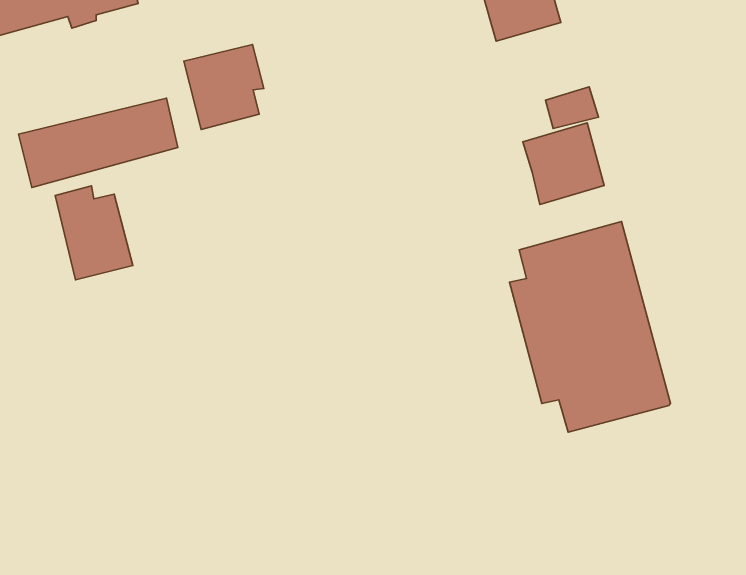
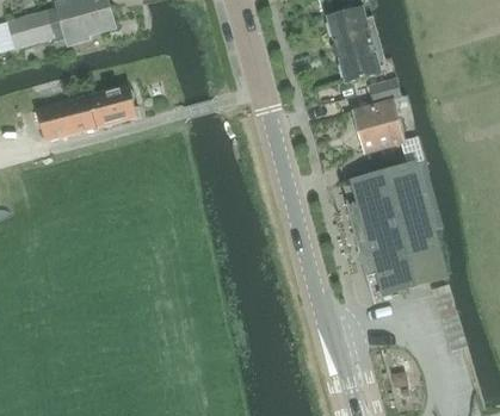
building: none -> [337,37,383,81]
building: [184,45,264,129] -> none
building: [55,186,133,280] -> none

